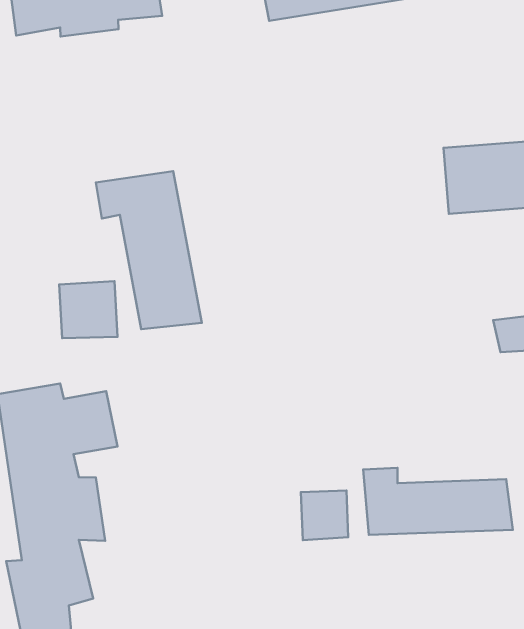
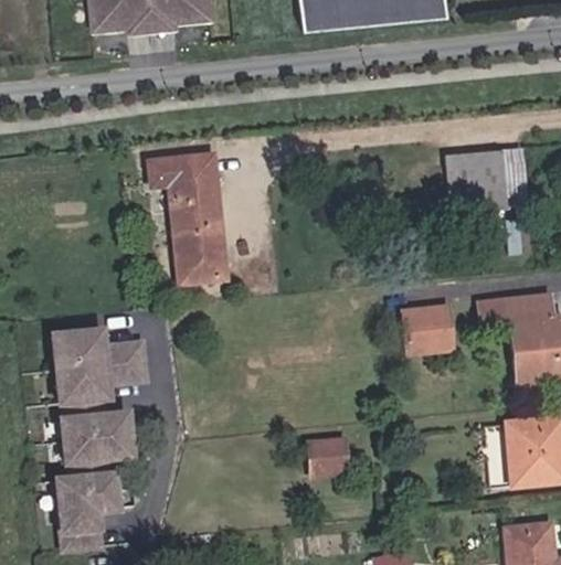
building: [59,281,118,338] -> none
building: none -> [401,303,455,356]
building: [363,468,513,535] -> none

